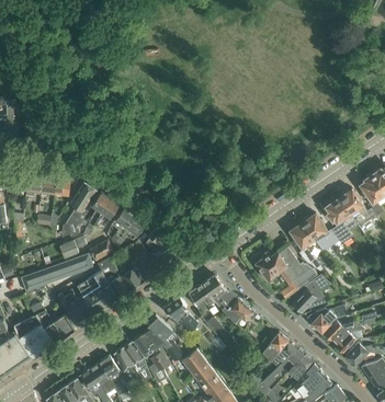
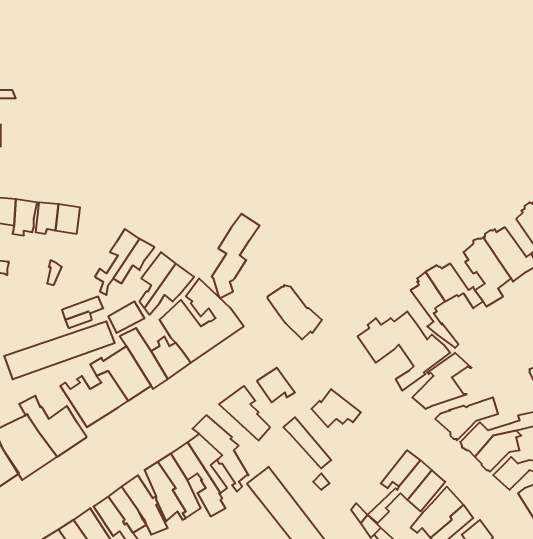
building: [65,181,97,237] -> [212,214,260,298]
building: [201,275,237,311] -> [267,285,322,340]
building: [258,331,287,360] -> none

